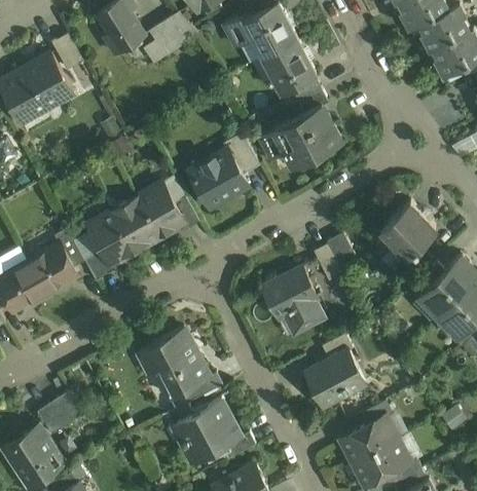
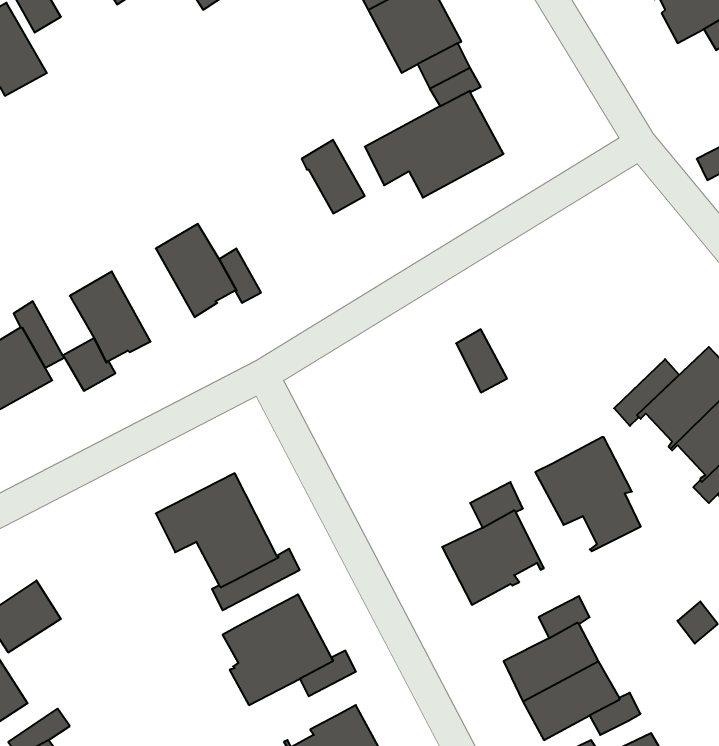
building: [192,152,247,209] -> none
building: [111,198,159,253] -> none
building: [379,202,436,260] -> none
building: [325,234,356,274] -> none
building: [261,268,323,335] -> [535,437,641,551]

